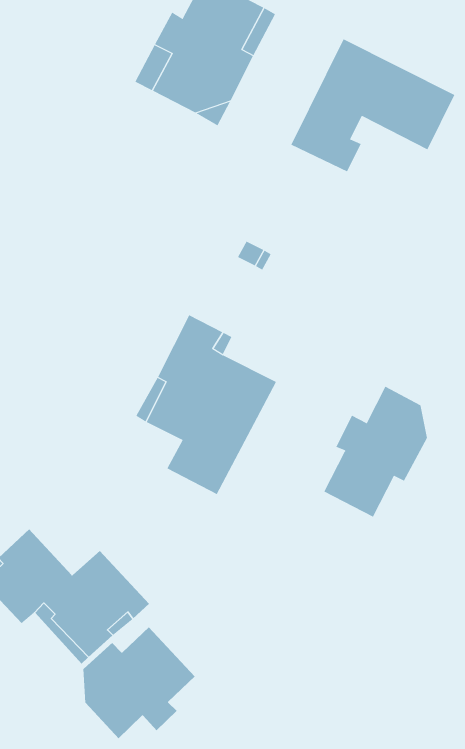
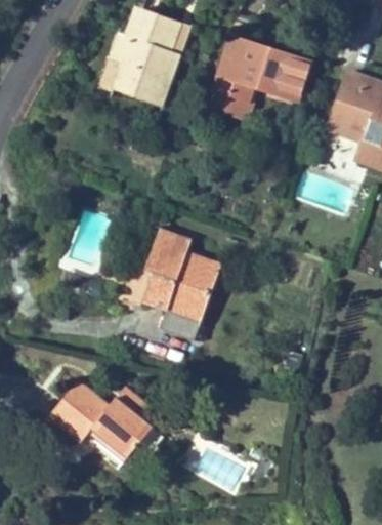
building: [324,386,427,518] -> none
building: [83,626,196,739] -> none

